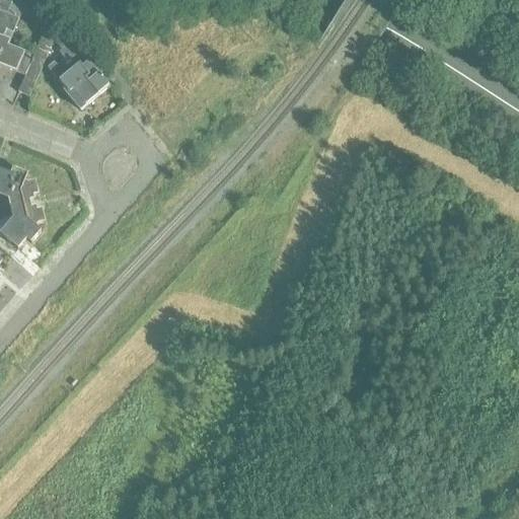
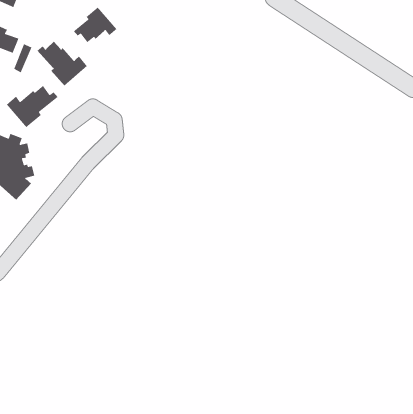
building: none -> [73,6,117,43]
building: none -> [6,85,59,128]

